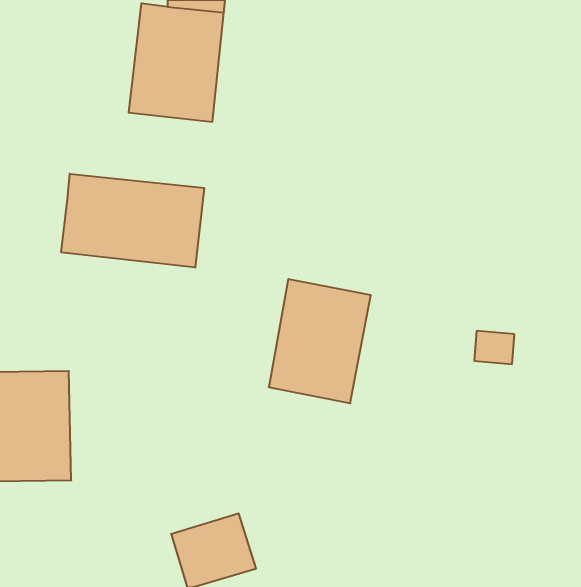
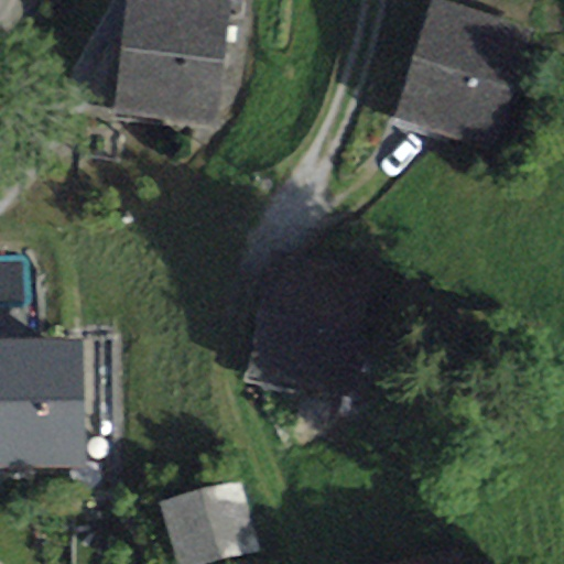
building: none -> [406,17,514,141]
building: [61,174,204,268] -> none

